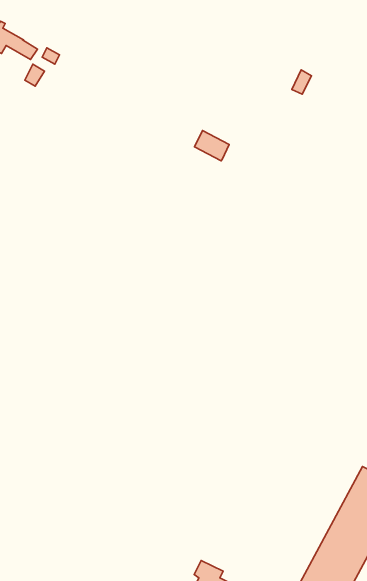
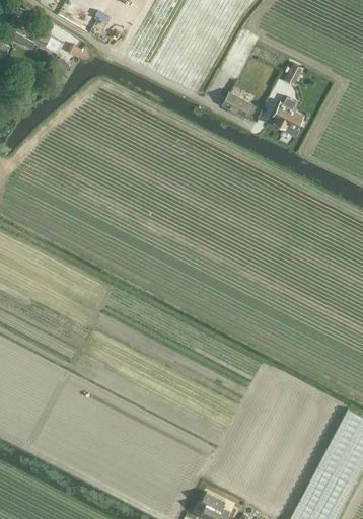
building: none -> [270,97,299,137]
building: [194,131,229,161] -> [221,93,251,120]

